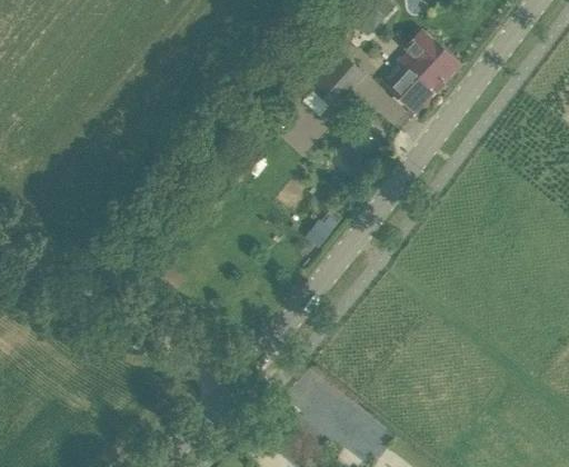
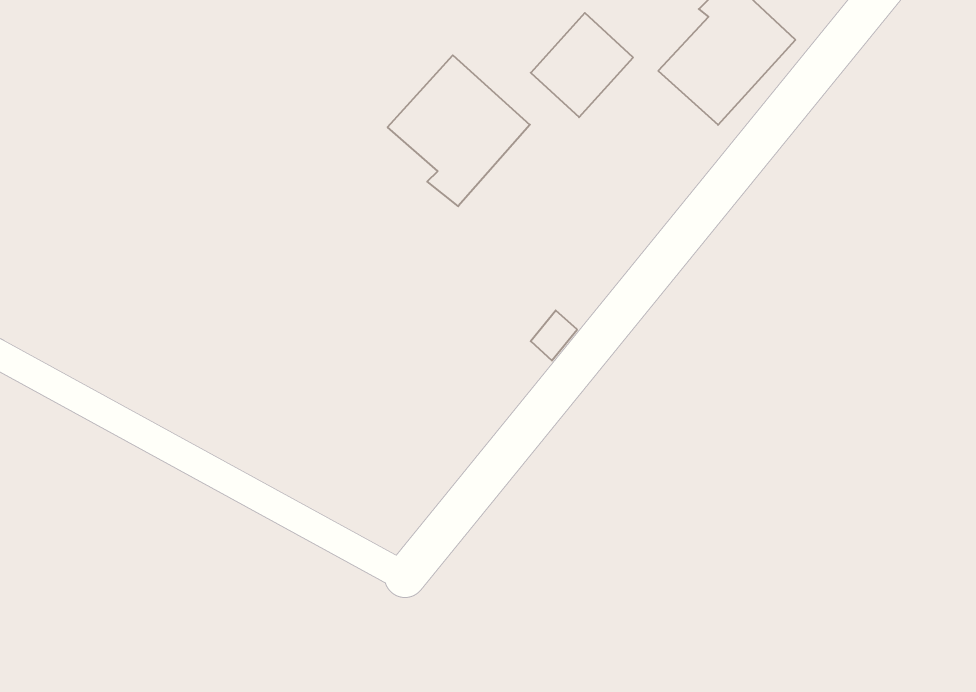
building: none -> [388,55,530,206]

